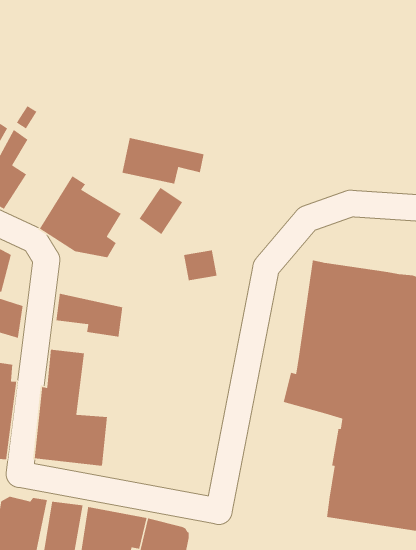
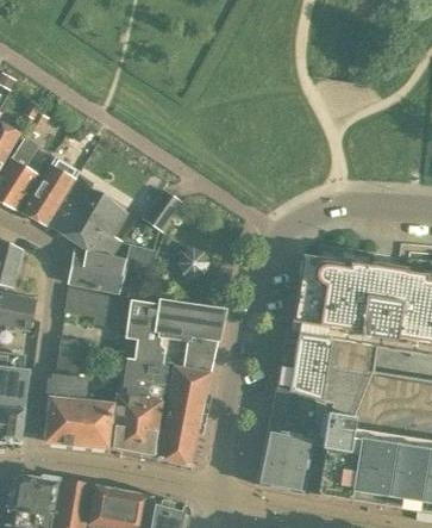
building: [121,137,204,185] -> [69,249,146,293]
building: none -> [23,164,74,225]
building: none -> [111,298,224,465]
building: none -> [257,389,315,492]

